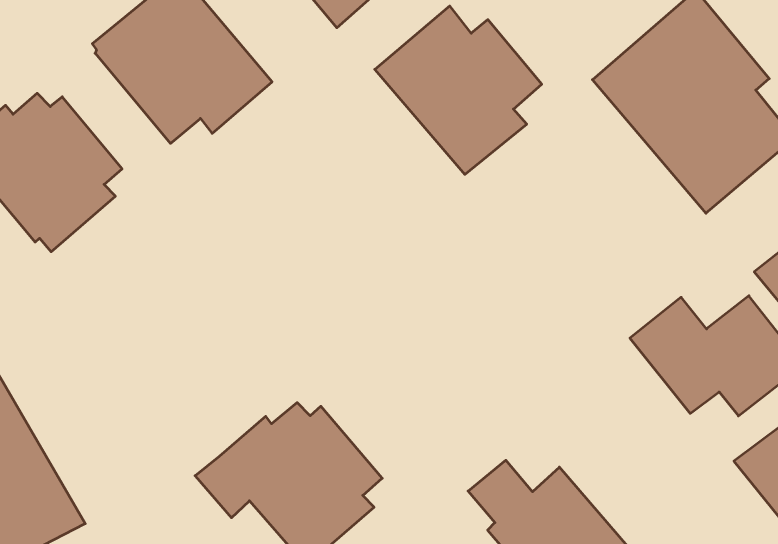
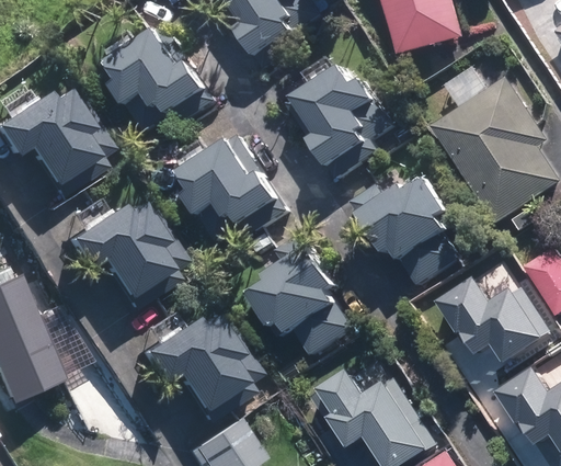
building: none -> [174,134,289,242]
building: none -> [353,177,463,287]
building: none -> [58,201,182,308]
building: none -> [247,231,353,355]

